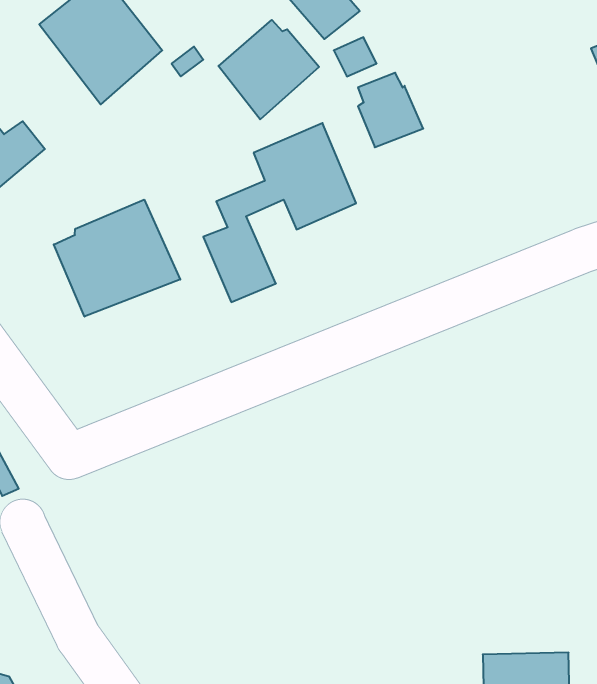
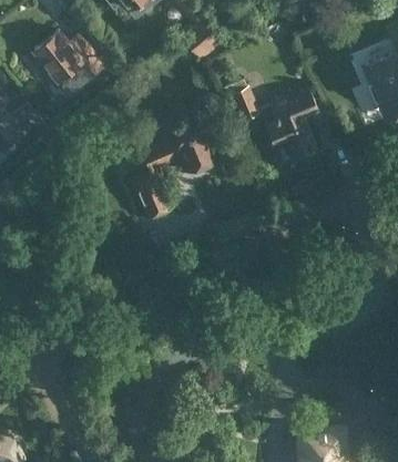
building: [218,20,319,119] -> none
building: none -> [262,91,318,165]
building: [54,200,180,317] -> none

